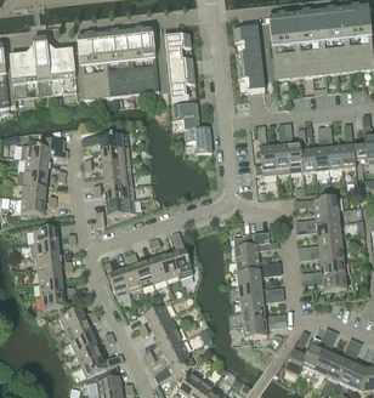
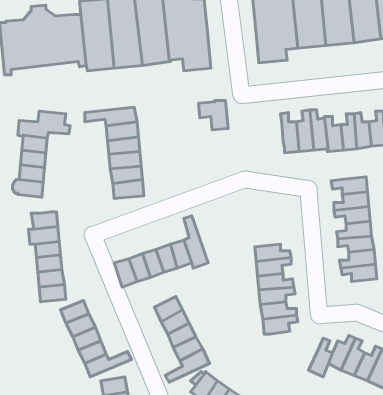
building: [171,101,199,127] -> none
building: [233,229,270,257] -> none

